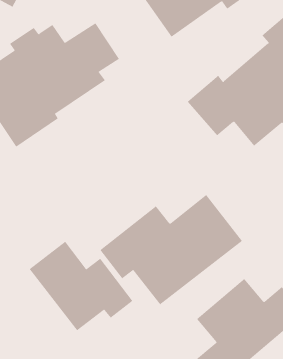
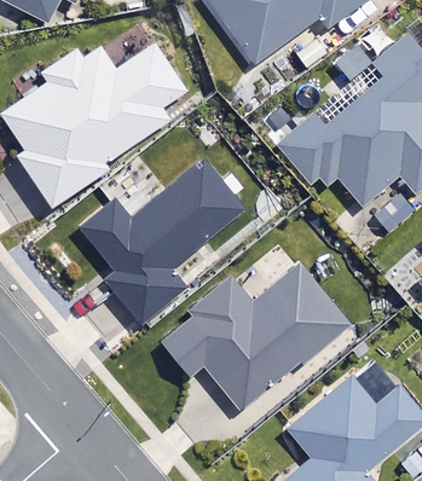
building: none -> [81,160,247,325]
building: [29,241,133,331] -> none

